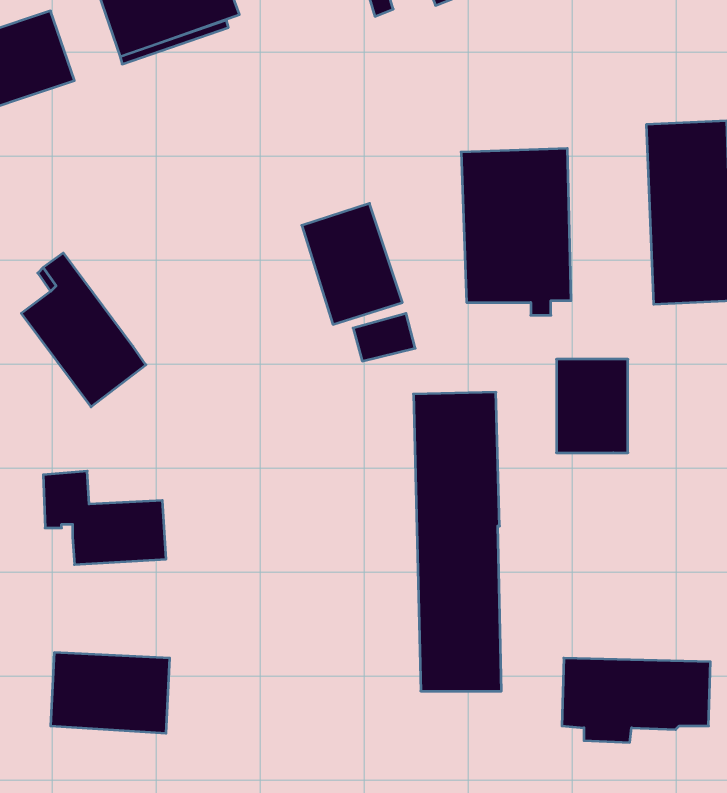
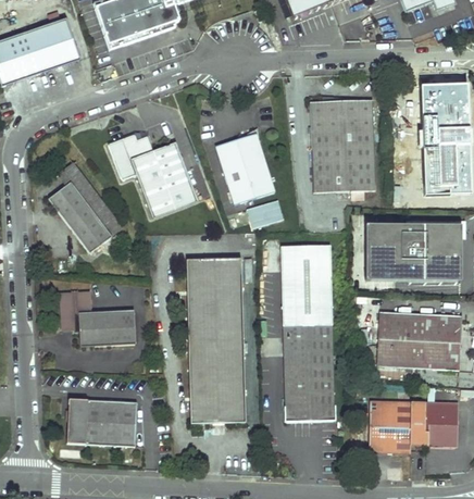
building: none -> [109,134,198,219]
building: none -> [409,225,461,280]
building: none -> [186,259,245,423]
building: none -> [376,311,461,371]

